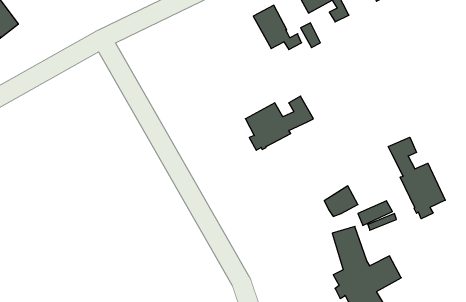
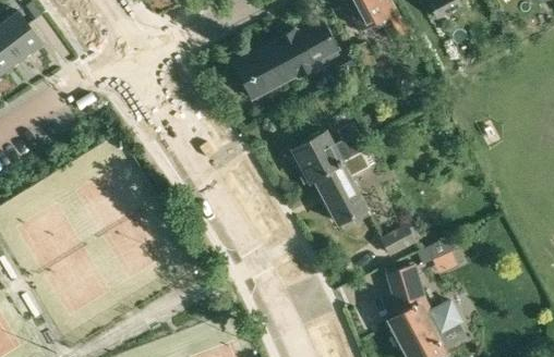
building: none -> [237,30,321,97]
building: none -> [315,151,370,223]
building: [388,137,445,219] -> none

